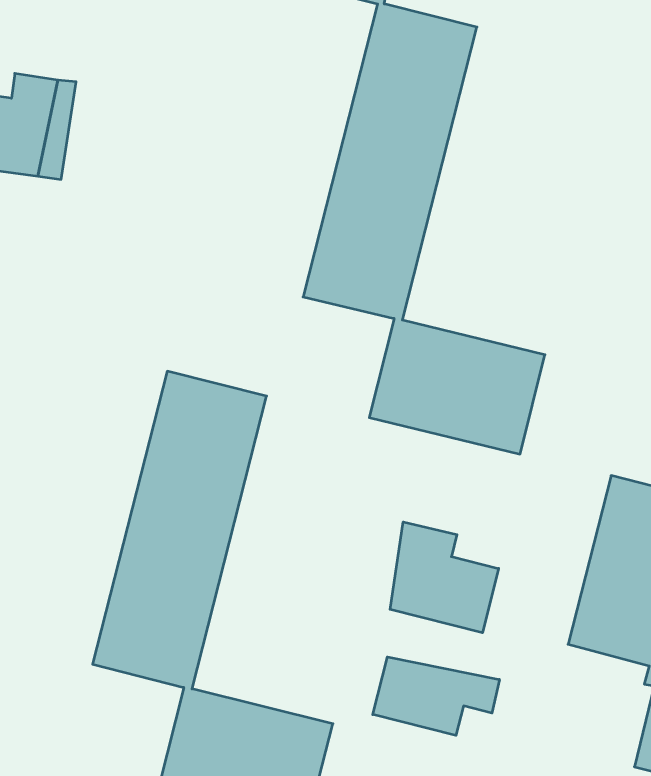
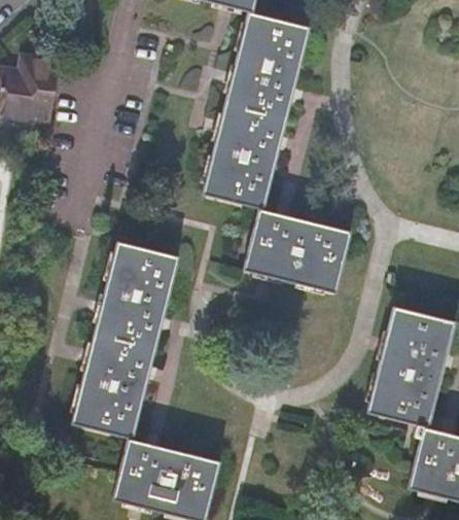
building: [390,522,499,633] -> none
building: [373,657,499,735] -> none

